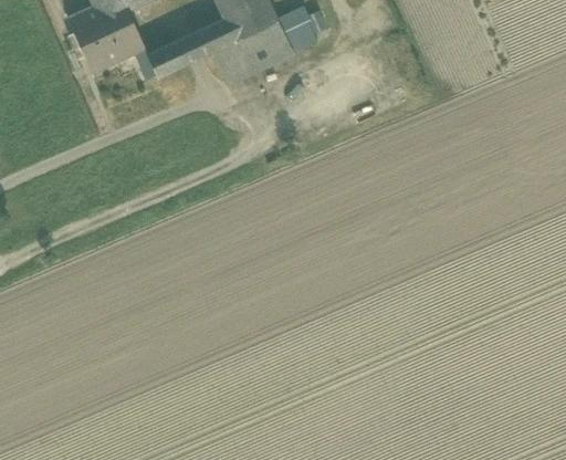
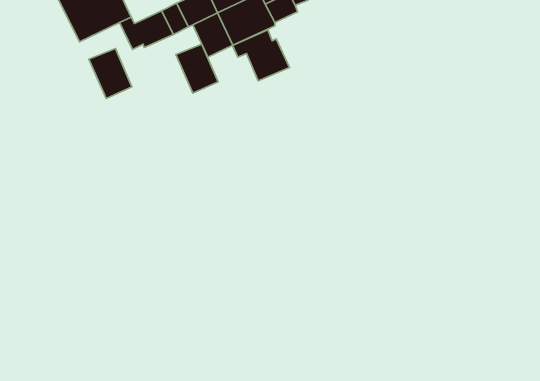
building: none -> [232,30,290,81]
building: none -> [176,44,218,93]
building: none -> [89,49,132,98]

